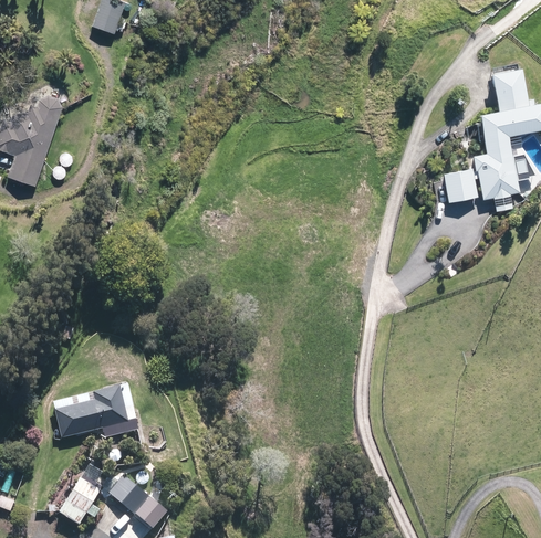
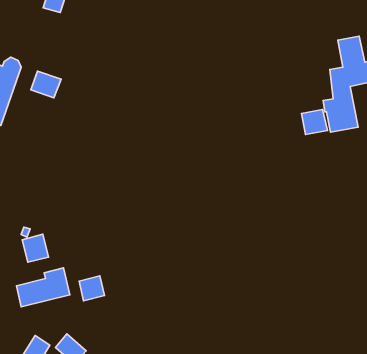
building: none -> [31,71,61,98]
building: none -> [22,234,49,262]
building: none -> [79,276,105,301]

